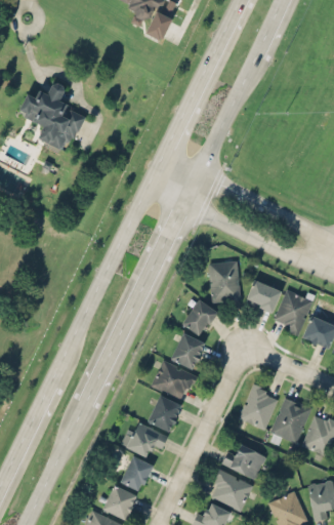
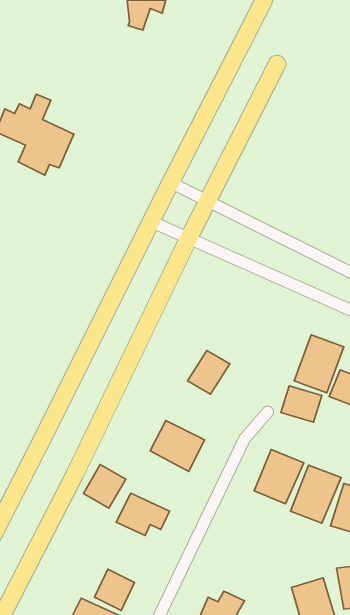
building: [147,12,173,42] -> none
building: [211,262,241,302] -> none
building: [247,282,282,313] -> [281,386,322,422]
building: [171,332,206,369] -> none
building: [148,395,183,432] -> [83,465,126,508]
building: [223,445,266,479] -> none
building: [121,455,153,491] -> none
building: [209,470,253,510] -> none

